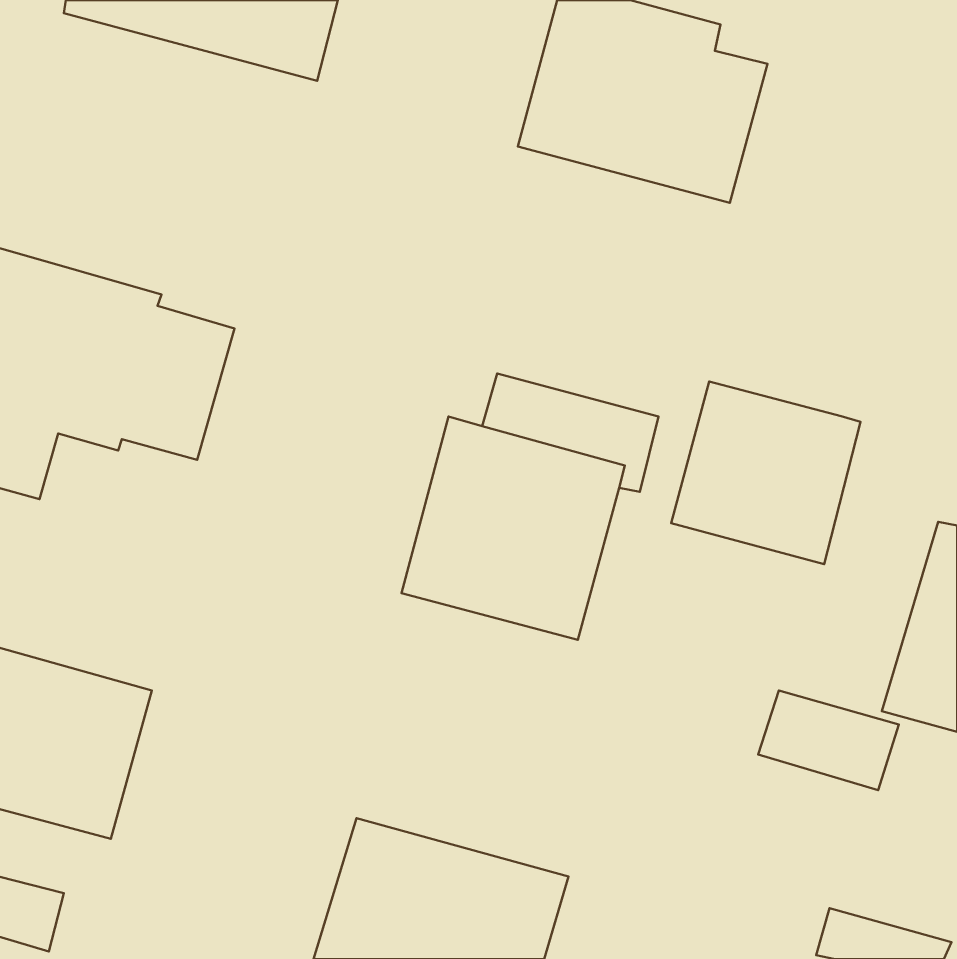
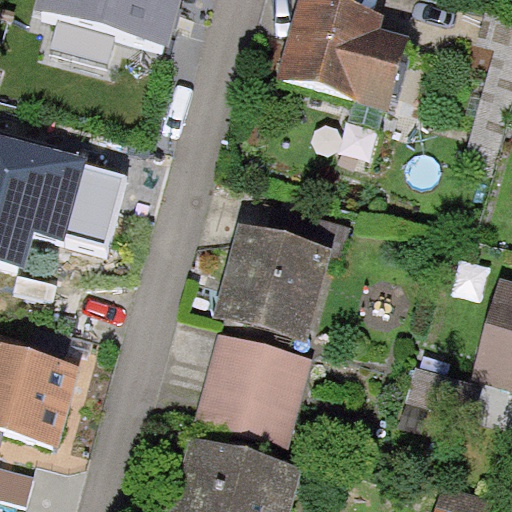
building: [671,382,861,564] -> none
building: none -> [193,333,313,451]

